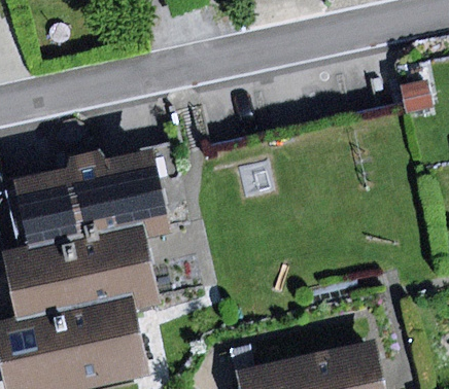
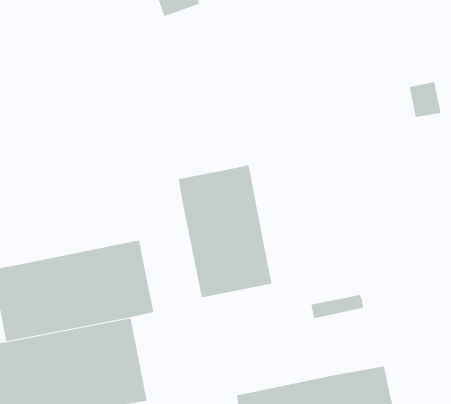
building: [15,150,170,249] -> none
building: none -> [178,165,272,298]

